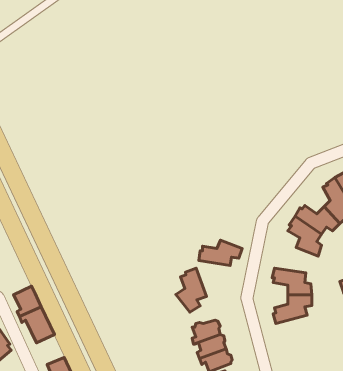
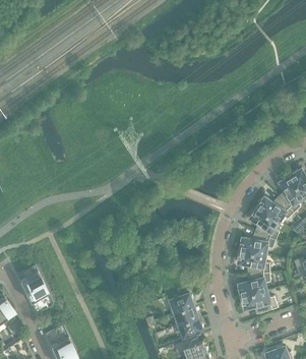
building: [199,240,242,265] -> [239,233,276,254]
building: [176,268,206,312] -> none
building: none -> [240,290,278,314]

